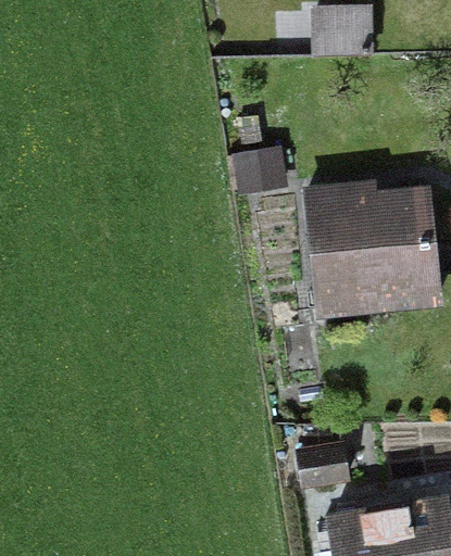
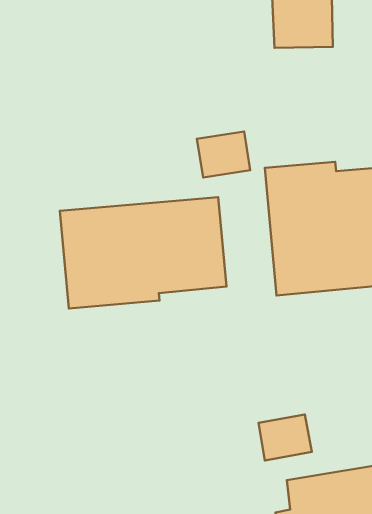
building: none -> [60,197,227,309]

